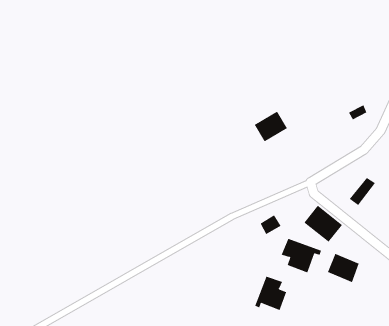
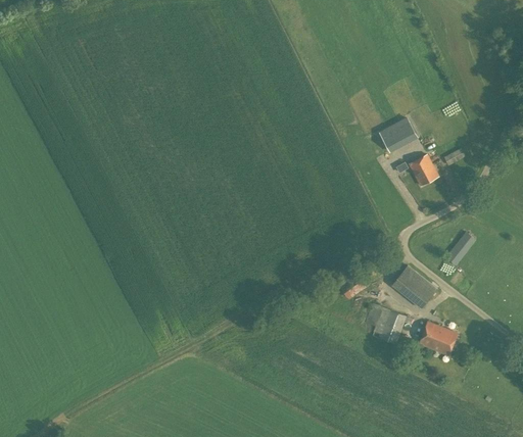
building: none -> [409,155,437,186]
building: [254,111,288,142] -> [381,115,421,152]
building: [254,276,287,311] -> none

